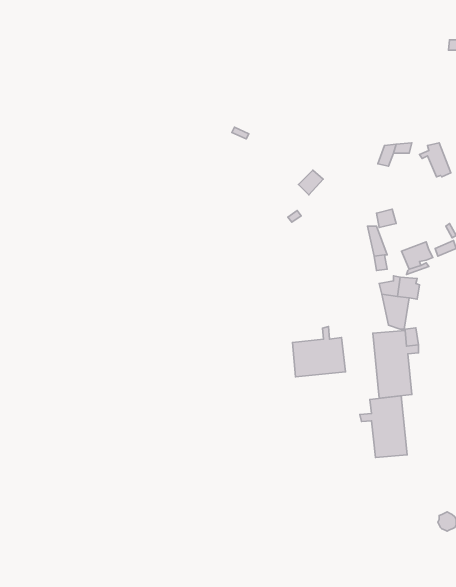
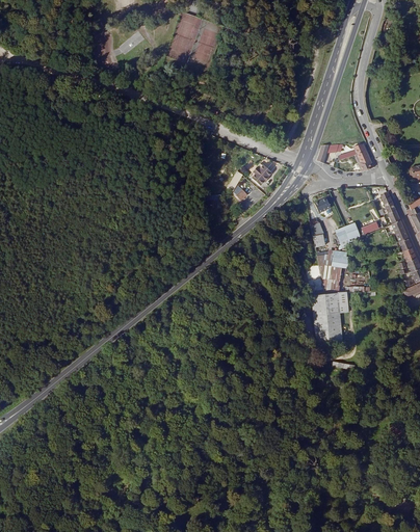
building: [292,327,346,377] -> none
building: [360,396,407,458] -> none

